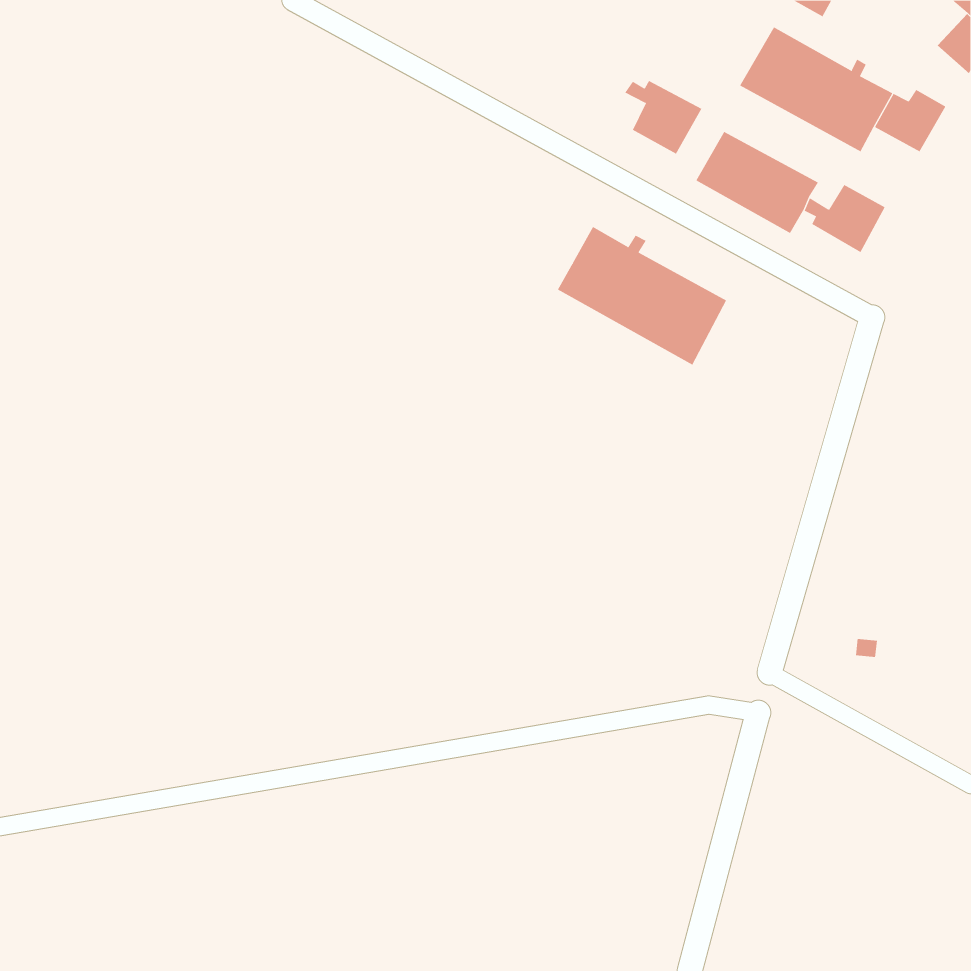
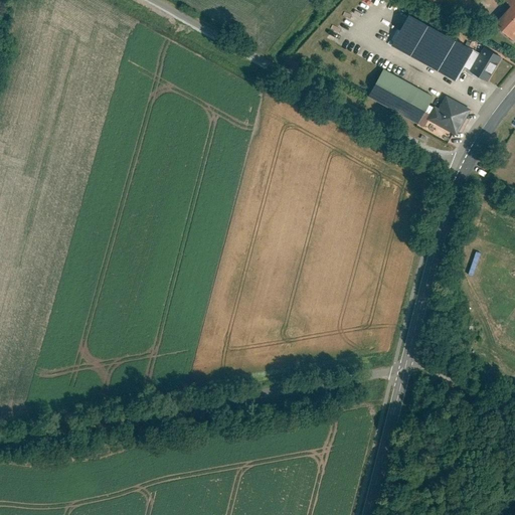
building: [625,80,702,155] -> none
building: [557,226,727,366] -> none

